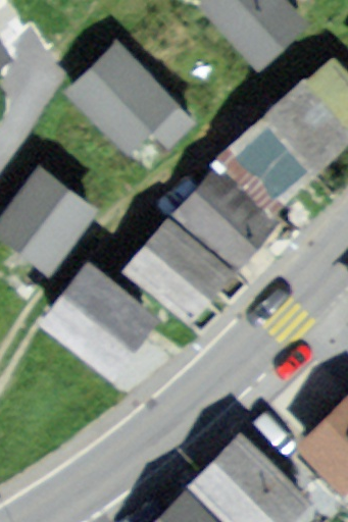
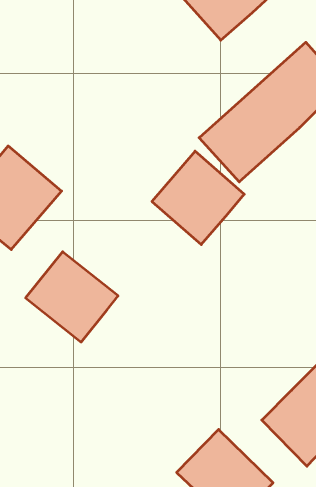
building: [61,38,191,147] -> none
building: [135,225,219,310] -> none

